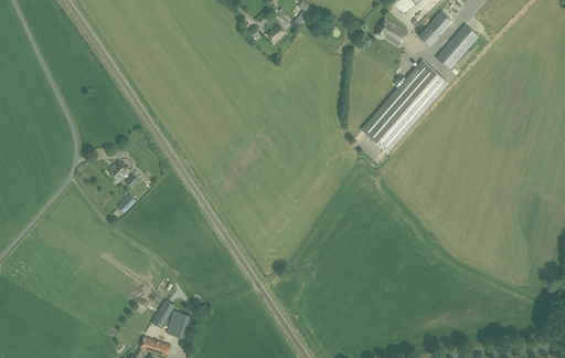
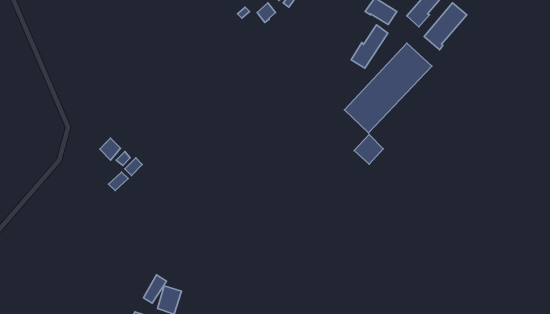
building: none -> [351,25,388,68]
building: none -> [354,135,383,164]

